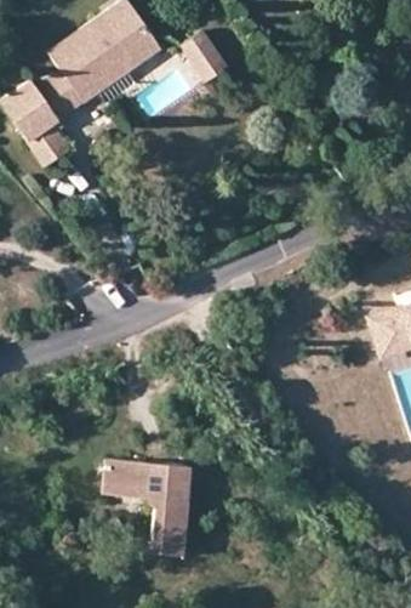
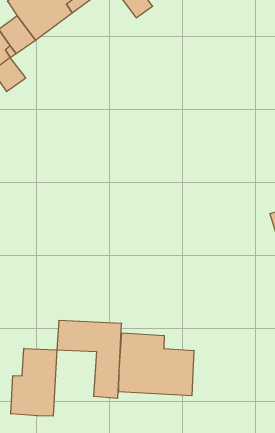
building: none -> [119,333,194,396]
building: none -> [11,348,57,416]

